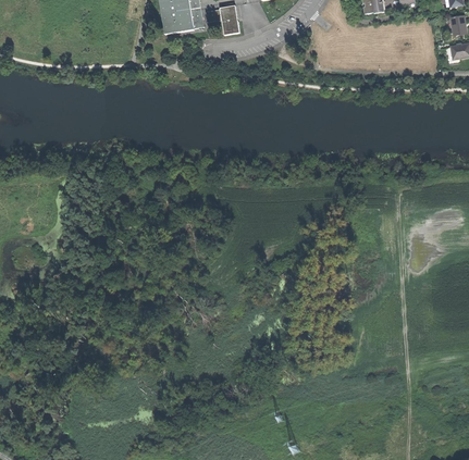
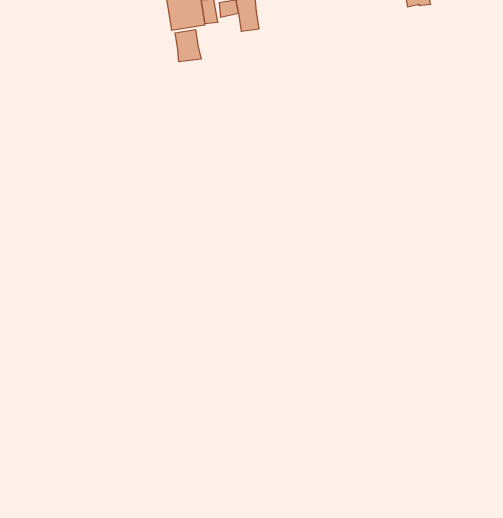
building: none -> [175,30,201,62]

